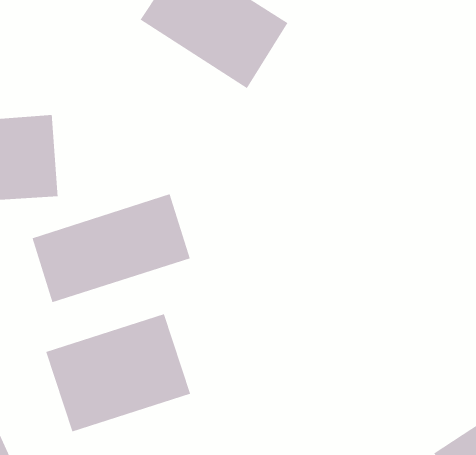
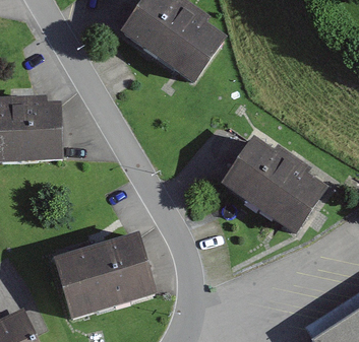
building: none -> [219,134,330,230]
building: [31,193,191,303] -> none

